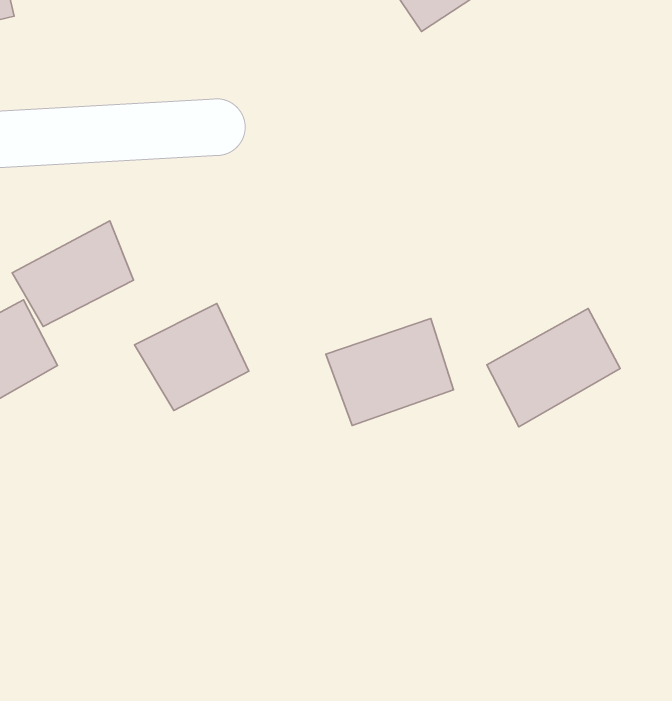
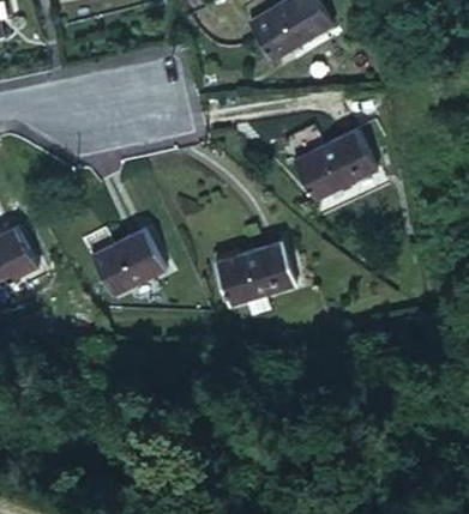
building: [12,221,133,327] -> none
building: [487,309,620,427] -> [289,122,374,198]

